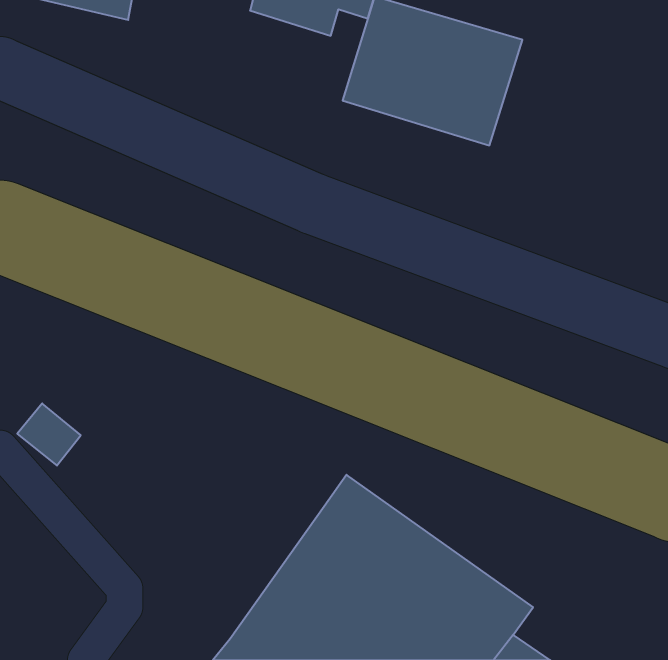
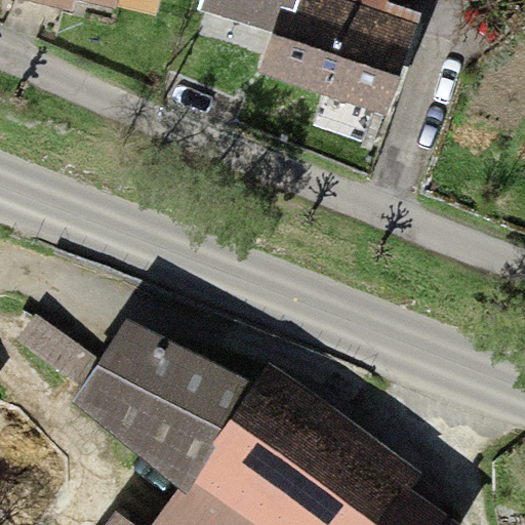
building: none -> [81,333,257,495]

